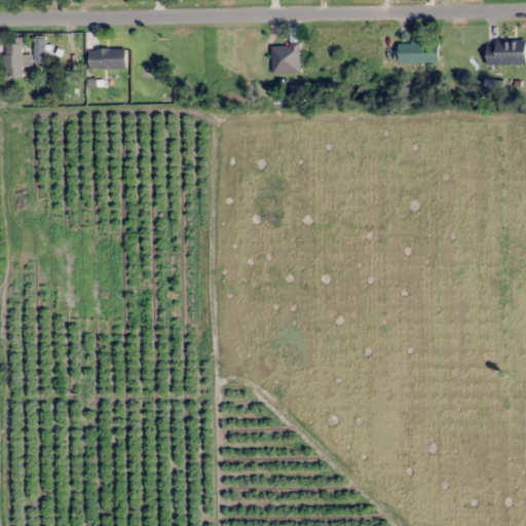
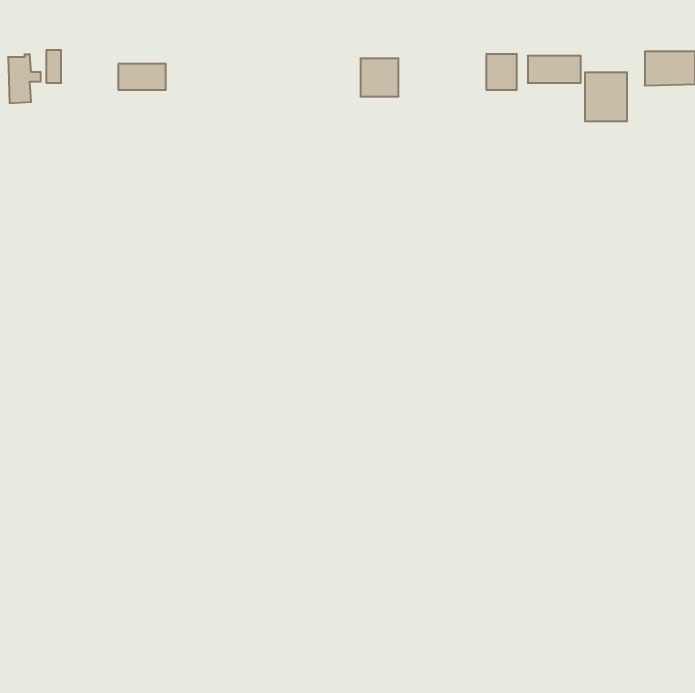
building: none -> [487,54,517,90]
building: none -> [585,72,627,121]

